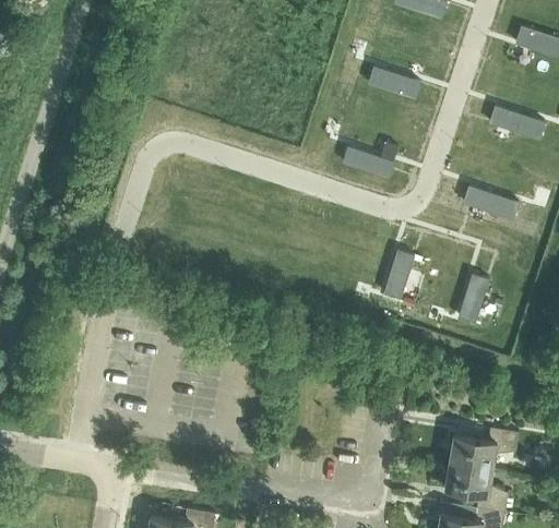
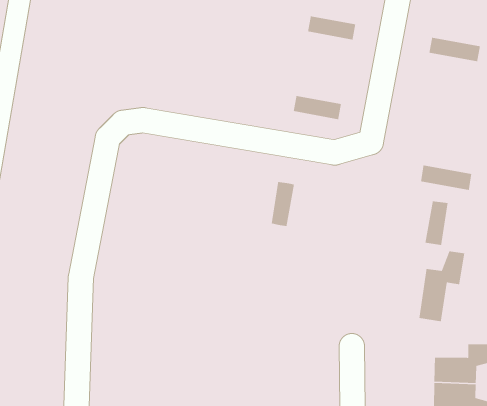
building: [464,185,519,219] -> [420,164,472,191]
building: [384,250,415,298] -> [271,181,295,227]
building: none -> [418,250,465,322]

